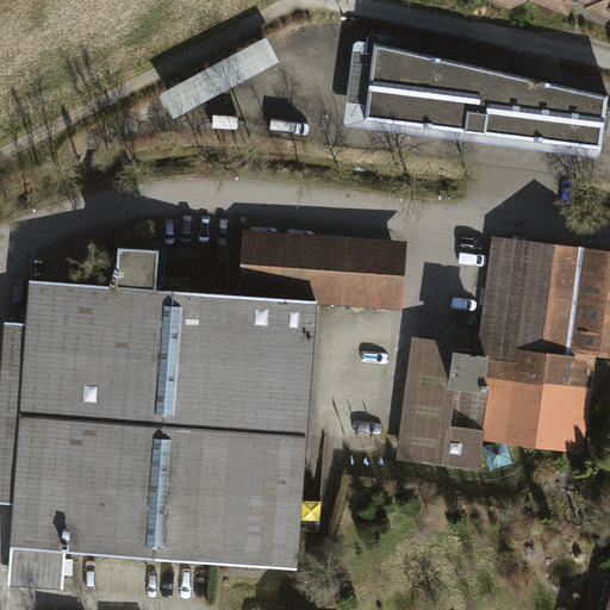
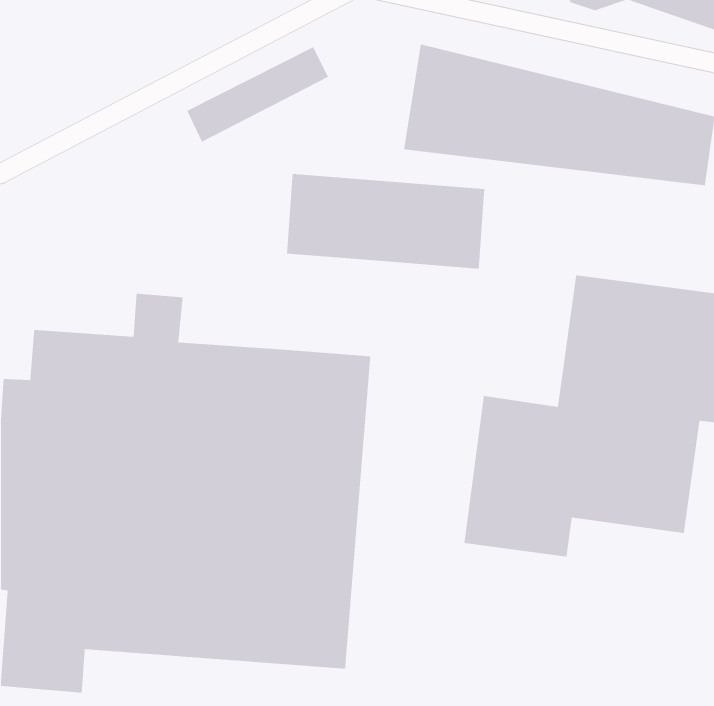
building: [241,228,410,310] -> [286,173,485,270]

